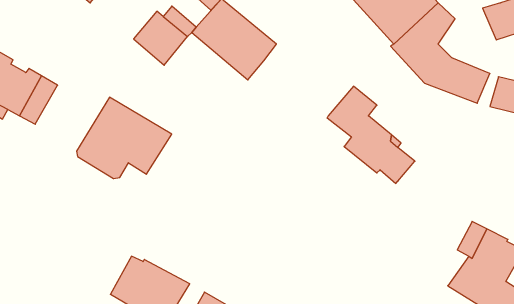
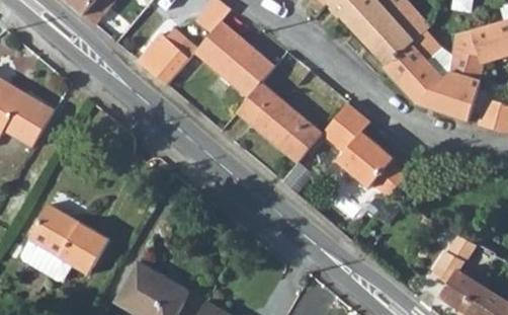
building: none -> [441,29,484,92]
building: none -> [235,80,323,164]
building: [77,97,172,179] -> [23,204,114,282]

